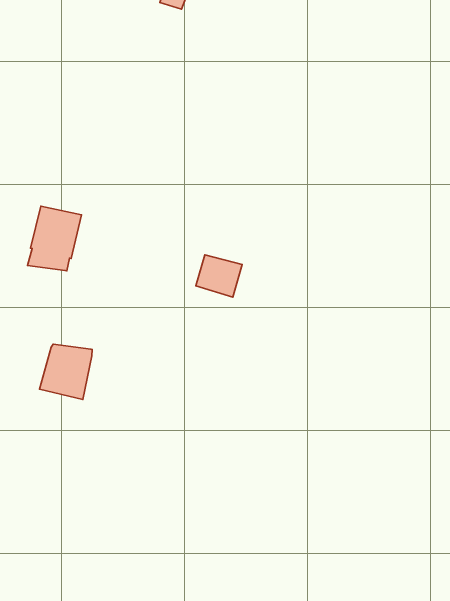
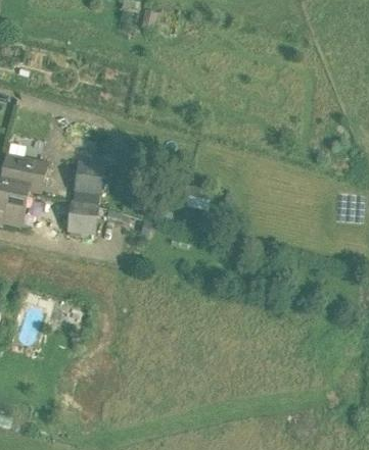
building: [39,344,92,399] -> [65,202,97,236]

